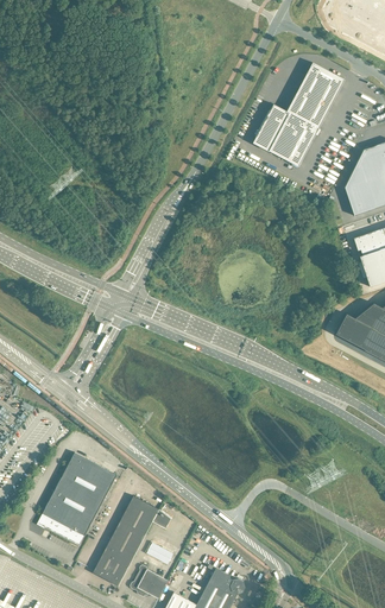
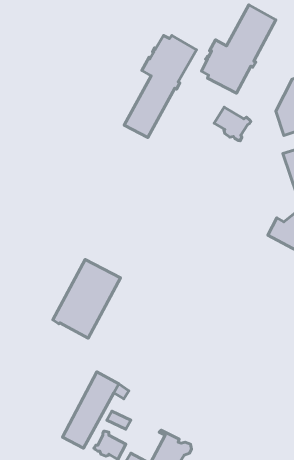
building: none -> [124,35,196,138]
building: none -> [214,107,251,141]
building: [36,452,115,545] -> [53,260,120,338]

